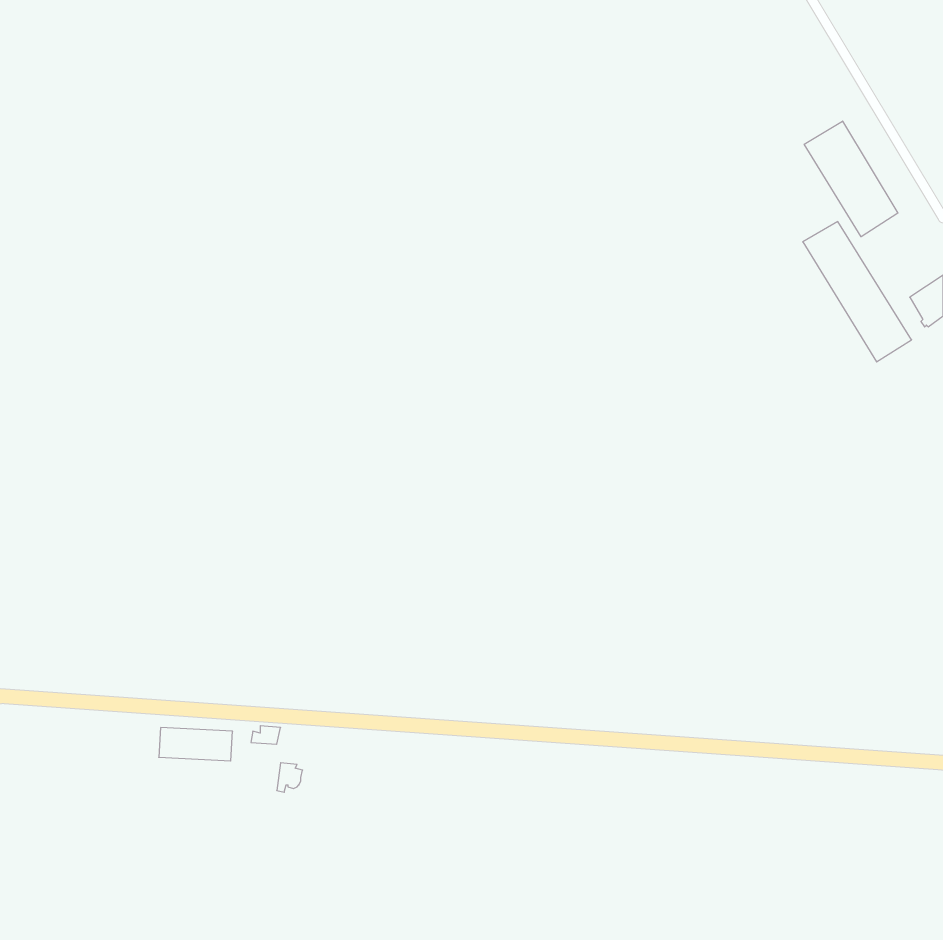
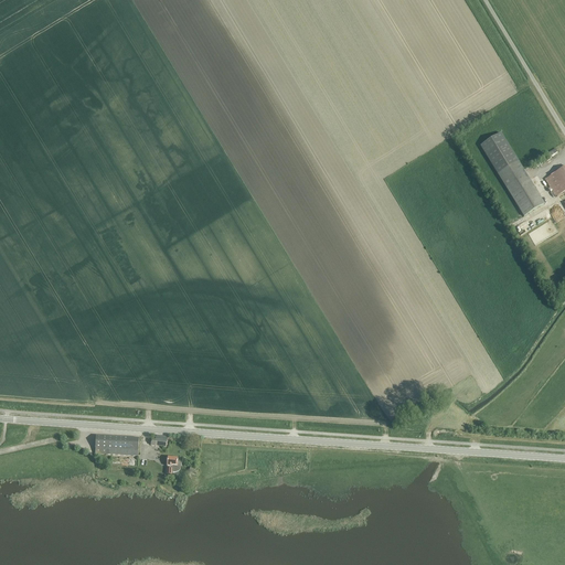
building: [804,121,898,237] -> none

